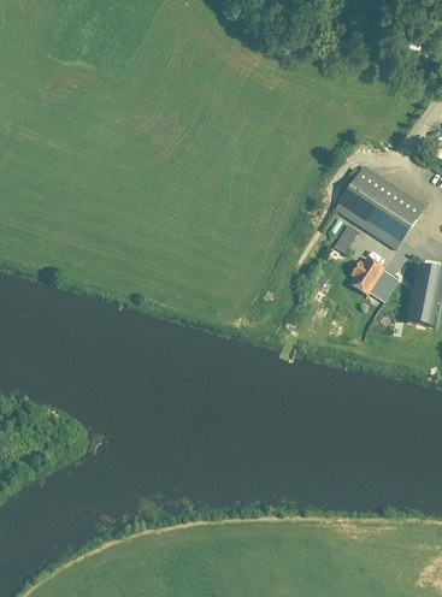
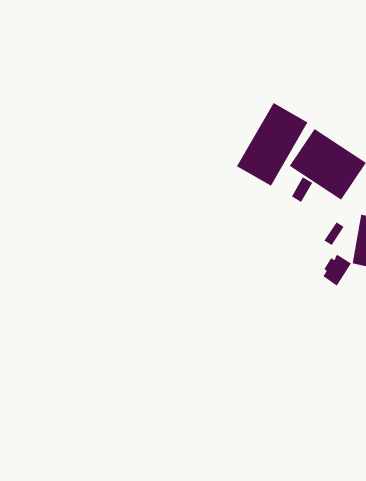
building: none -> [236,102,308,186]
building: [348,256,382,294] -> [323,254,352,287]

